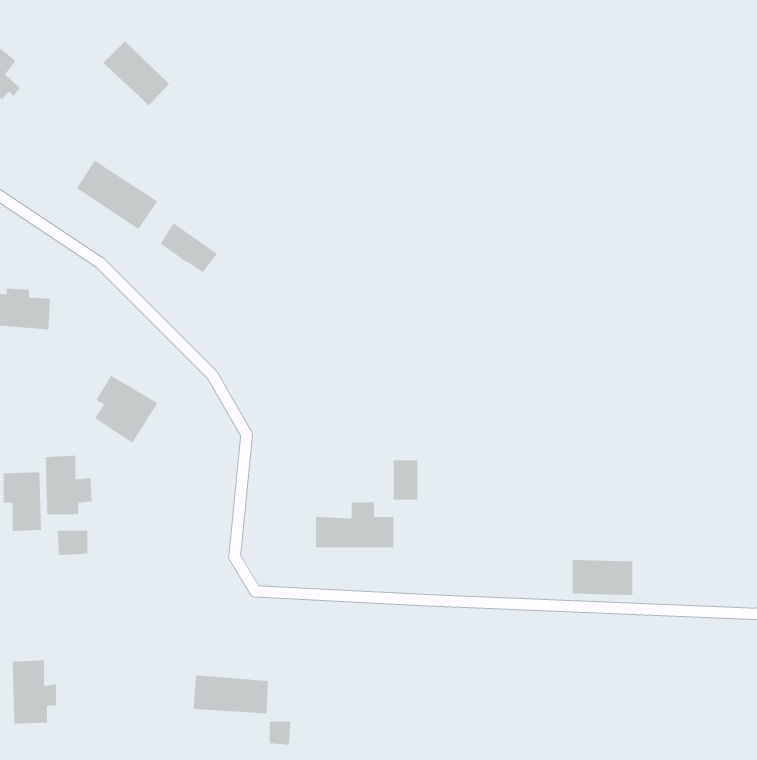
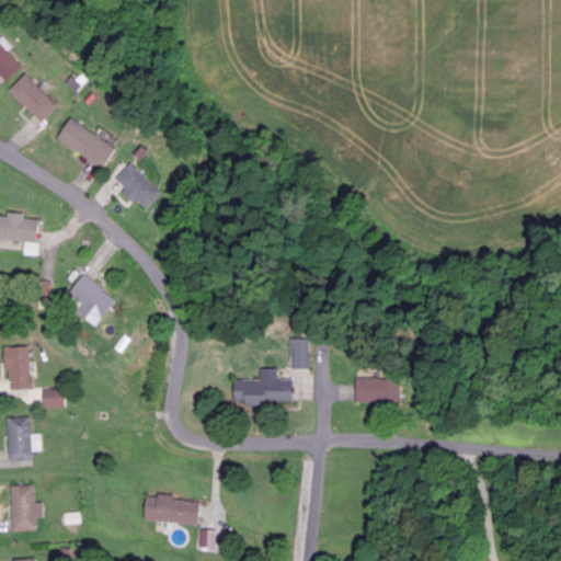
building: [103,41,170,106] -> [8,73,57,122]
building: [45,455,93,515] -> [5,416,41,460]
building: [572,560,633,595] -> [355,377,400,403]

